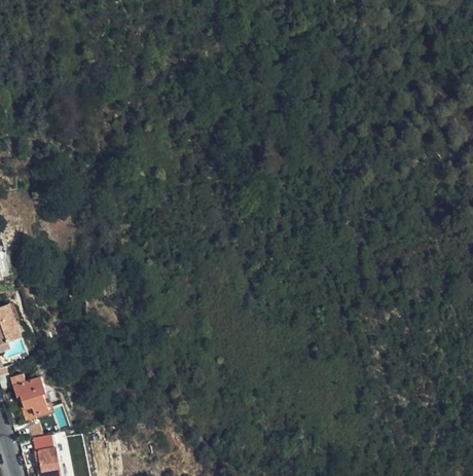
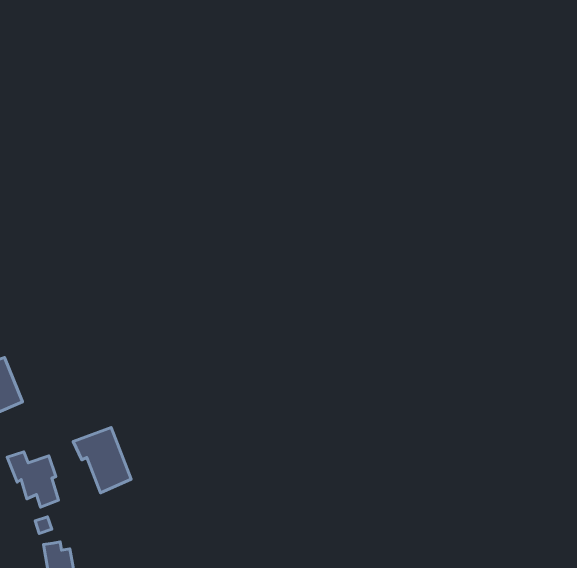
building: none -> [73,428,131,493]

